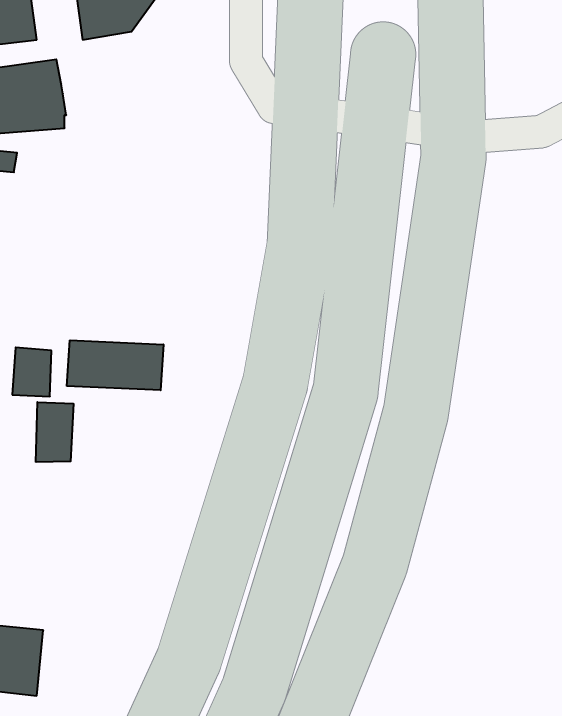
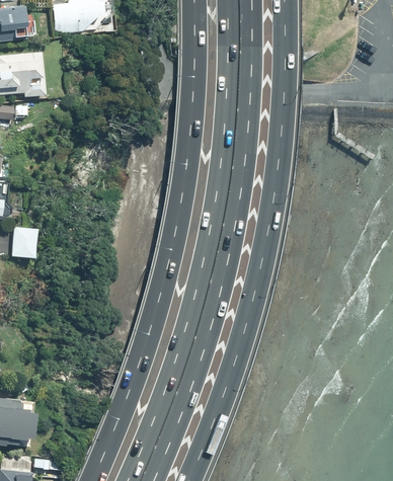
building: [67,340,163,390] -> none
building: [36,402,73,462] -> none

